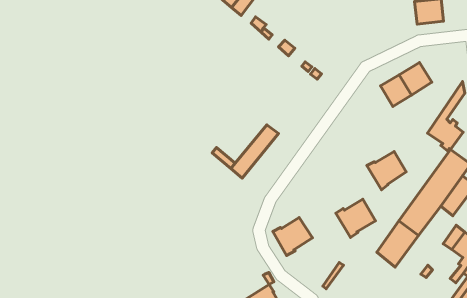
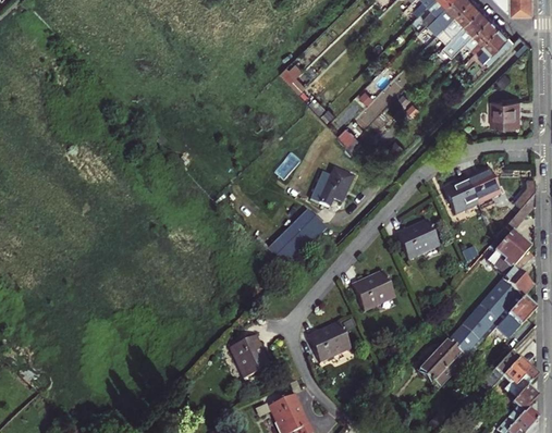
building: none -> [319,169,353,205]
building: [367,152,406,190] -> [396,219,439,259]
building: [336,199,375,237] -> [352,270,394,310]
building: none -> [229,333,270,376]

